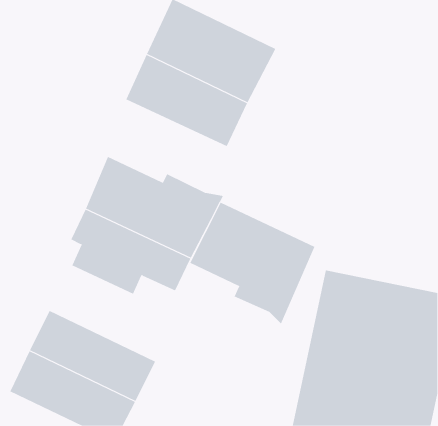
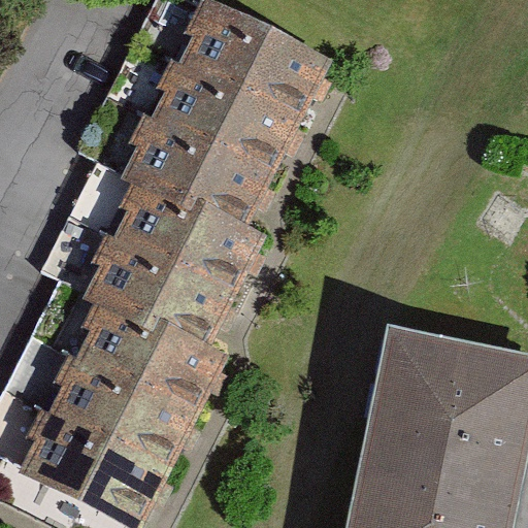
building: none -> [127,120,272,231]
building: [190,202,315,324] -> none
building: none -> [59,319,224,434]

